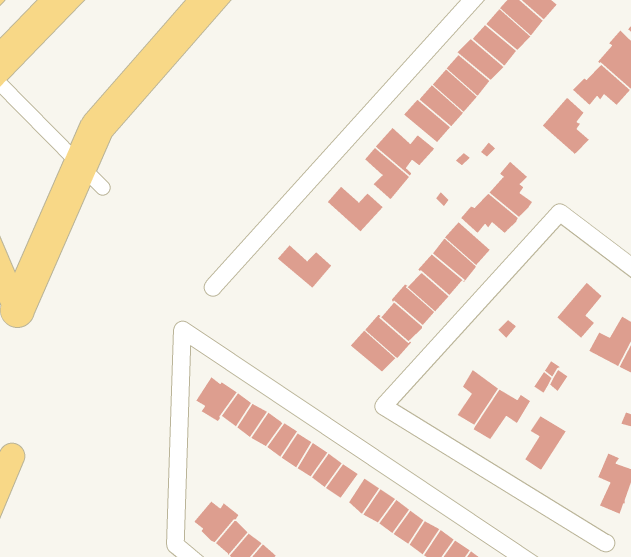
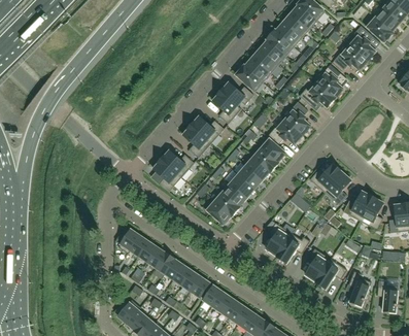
building: none -> [299,80,335,107]
building: none -> [182,125,210,158]
building: none -> [152,158,182,192]
building: none -> [309,164,341,192]
building: none -> [313,258,346,289]

